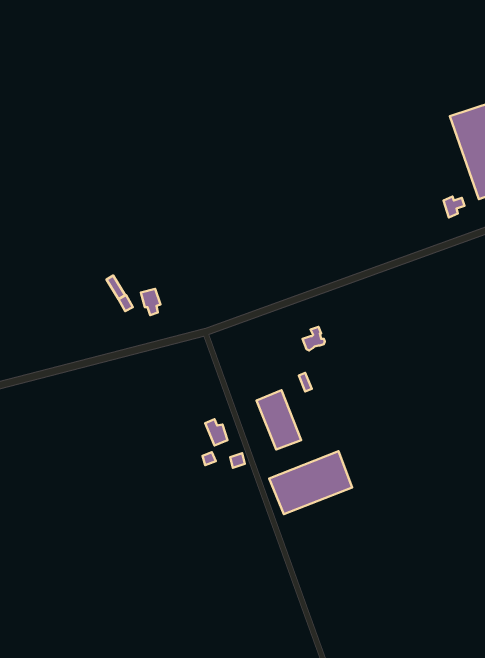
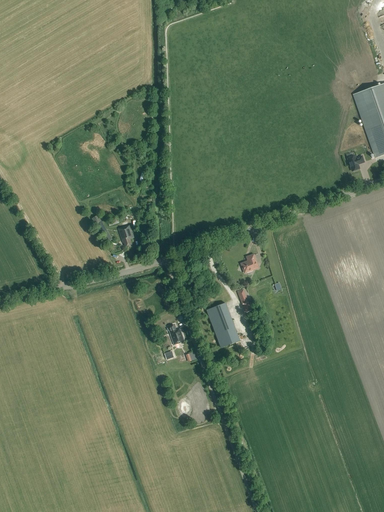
building: [269,451,352,514] -> none

